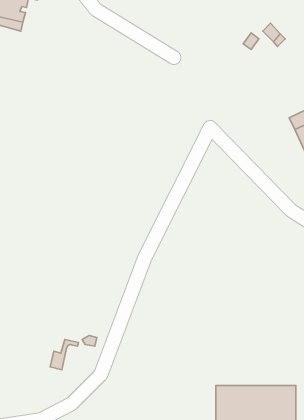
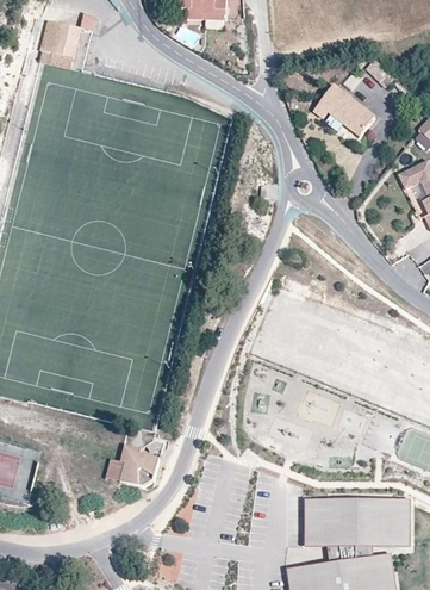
building: none -> [313,85,375,137]
building: none -> [120,451,160,486]

